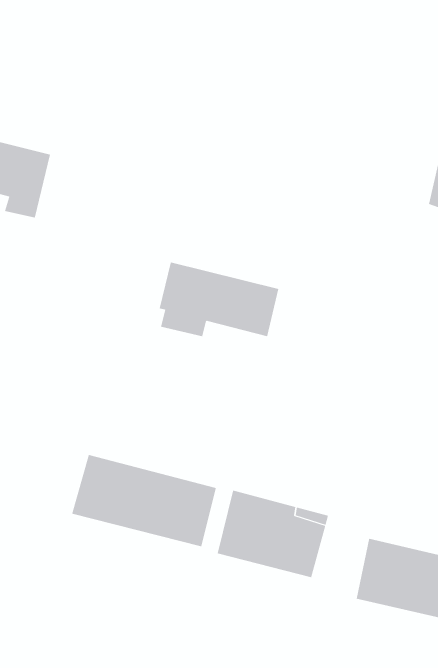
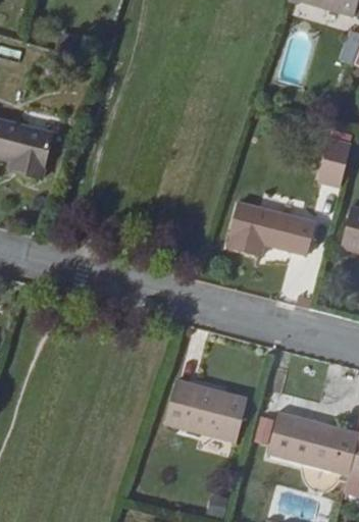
building: [159,262,279,337] -> [226,202,313,256]
building: [71,454,217,547] -> none

